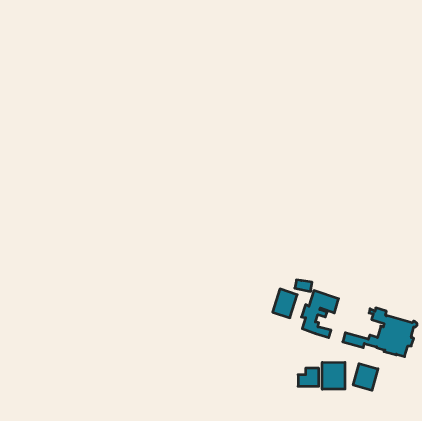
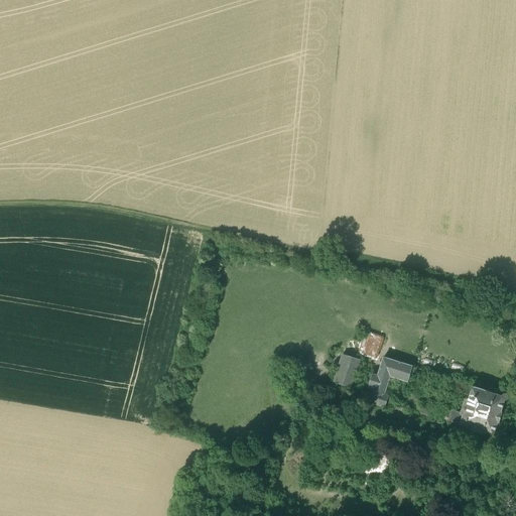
building: [322,362,345,389] -> none
building: [353,364,378,390] -> none

